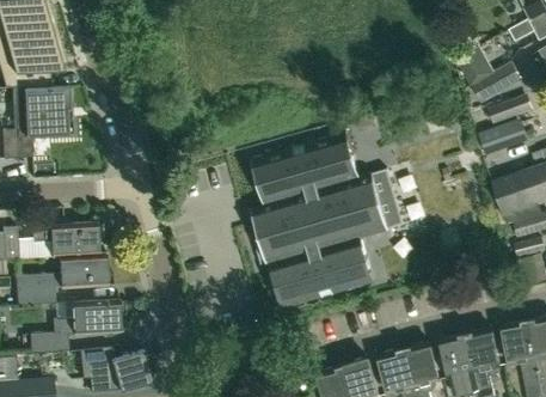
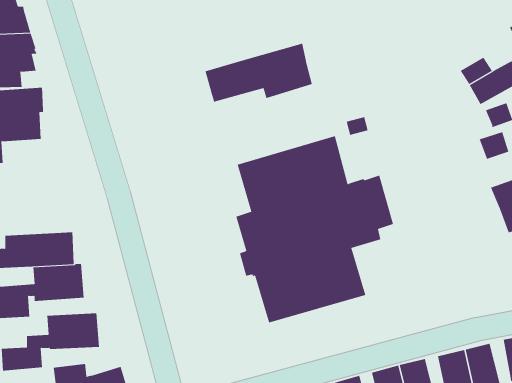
building: none -> [205,43,312,102]

